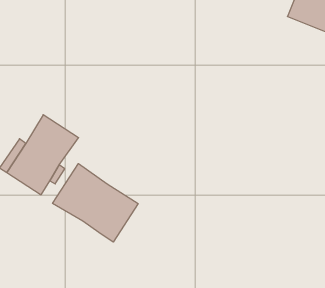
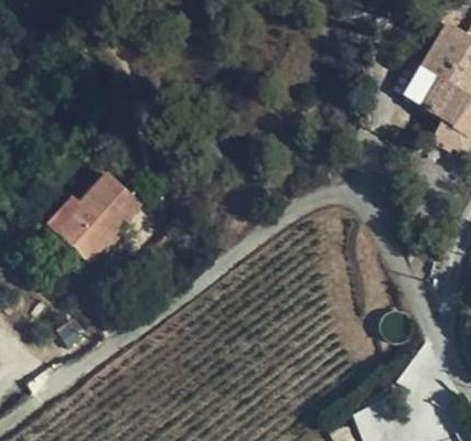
building: [53,164,138,242] -> none

